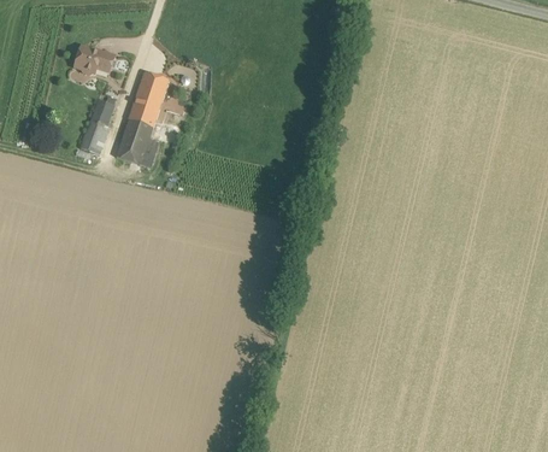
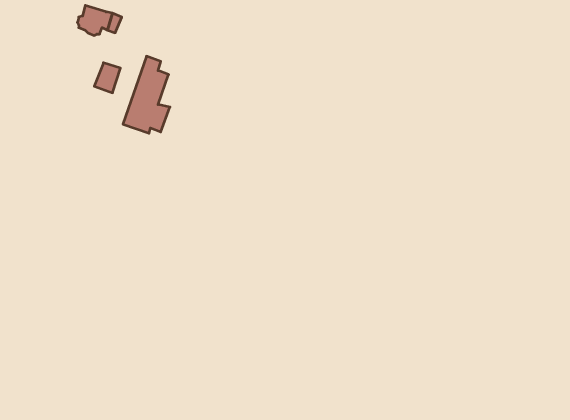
building: [139,71,169,110] -> none
building: [81,121,111,153] -> none

